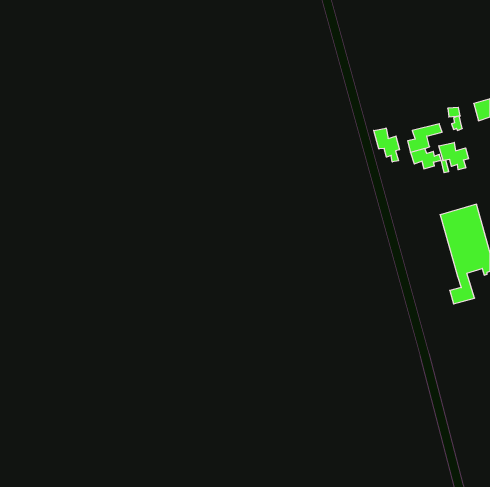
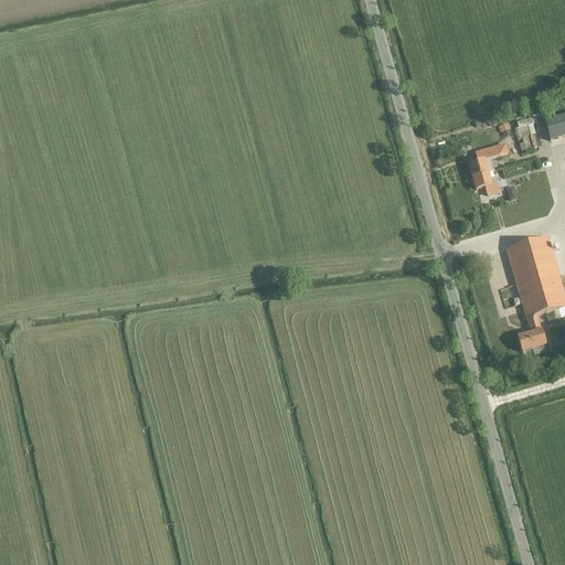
building: [374,128,400,162] -> none
building: [439,142,468,170] -> none

